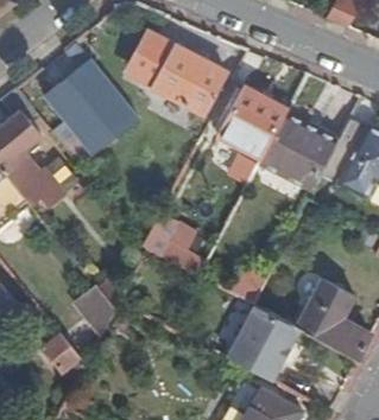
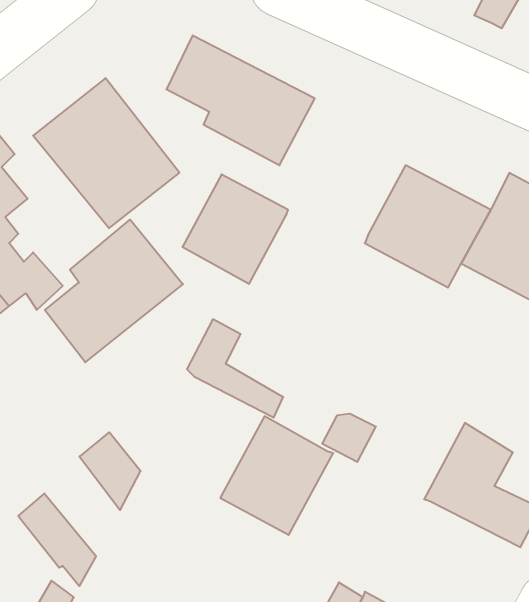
building: [216,87,284,157] -> [182,174,288,284]
building: none -> [45,220,183,362]
building: [226,304,298,380] -> [220,416,333,535]

